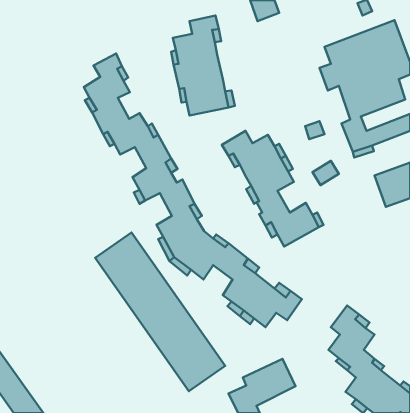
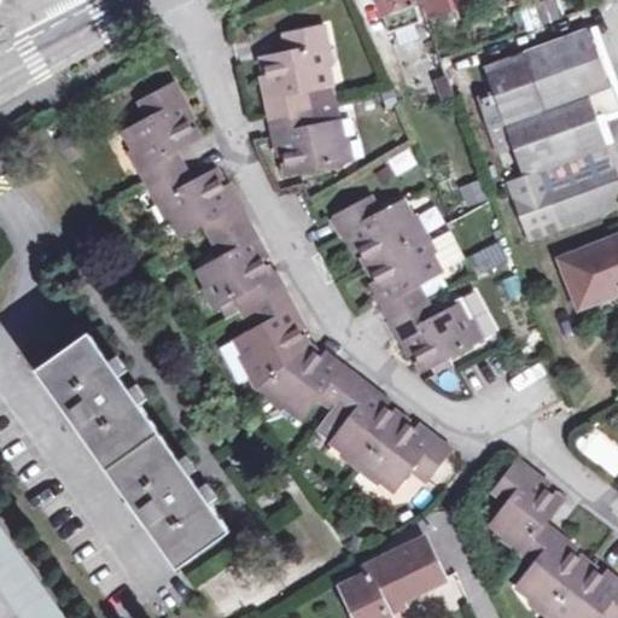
building: [95,233,225,391] -> [31,330,226,566]

